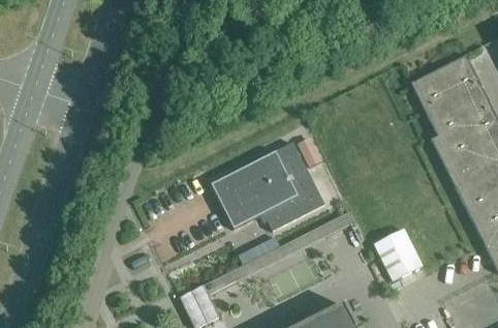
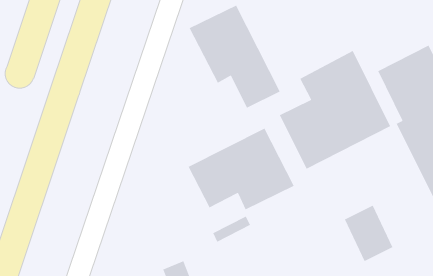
building: none -> [189,4,281,109]
building: none -> [279,50,391,170]

